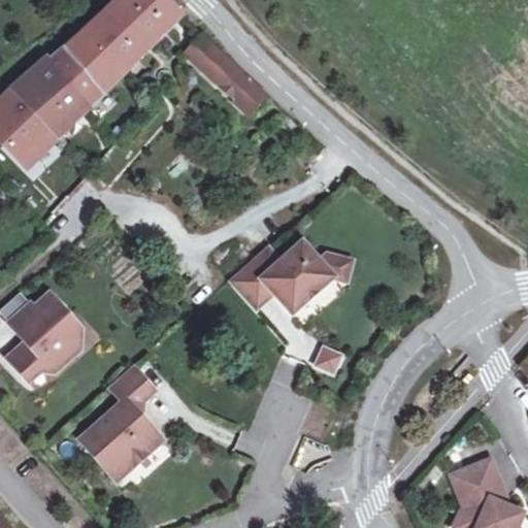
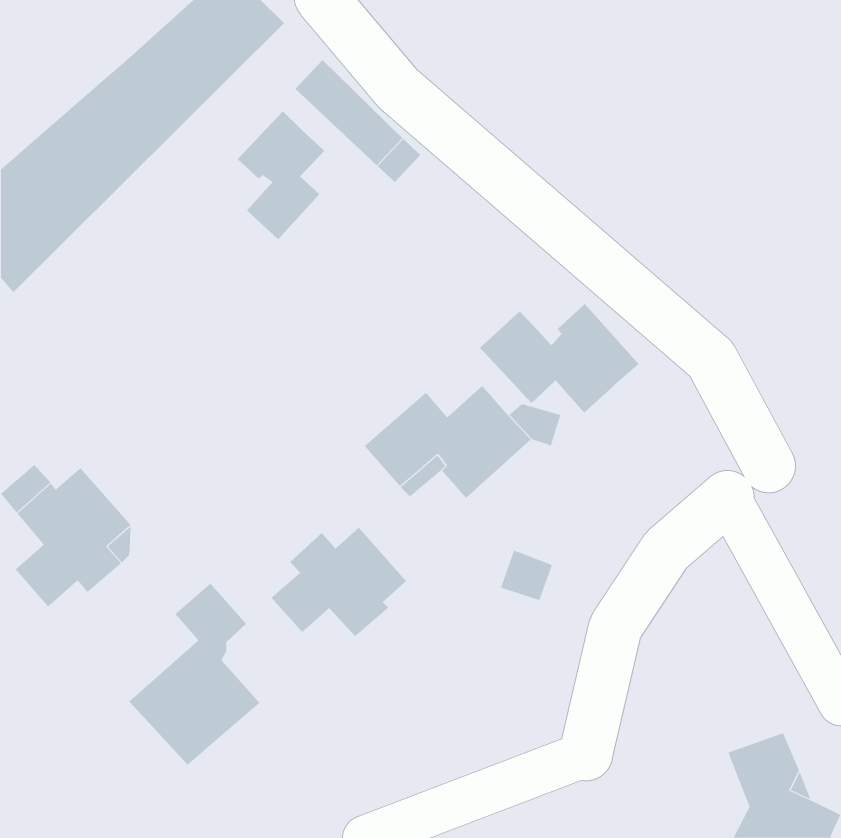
building: none -> [237,111,325,240]
building: none -> [479,303,639,413]
building: none -> [271,527,407,637]

